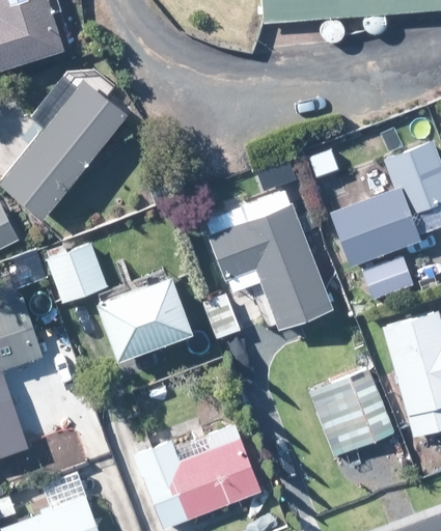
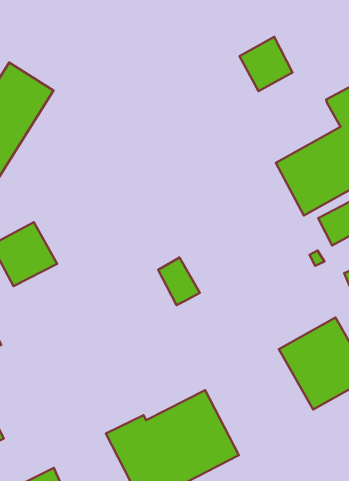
building: none -> [240,37,292,91]
building: [206,203,330,329] -> none
building: [93,277,189,360] -> none

